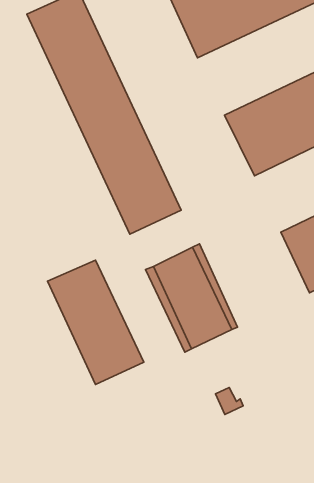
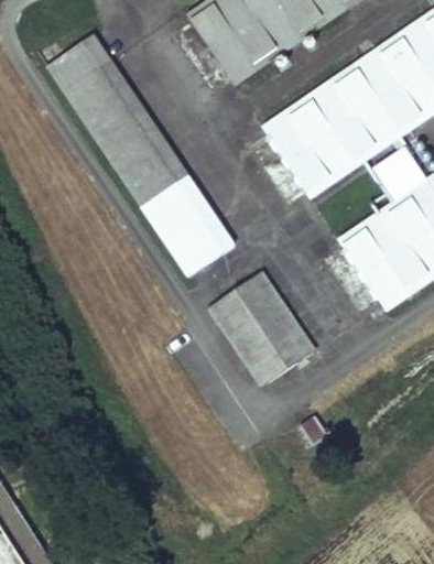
building: [48,260,144,384] -> none

